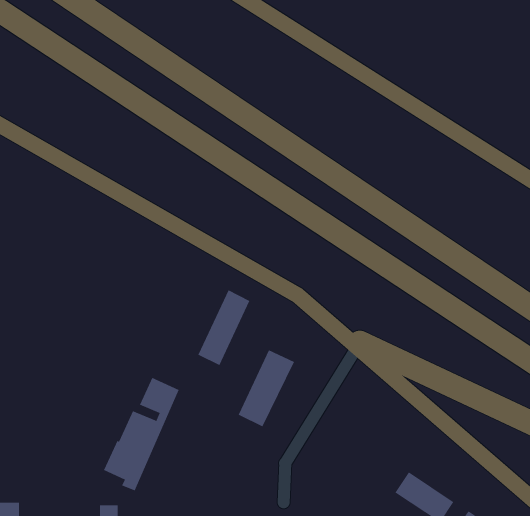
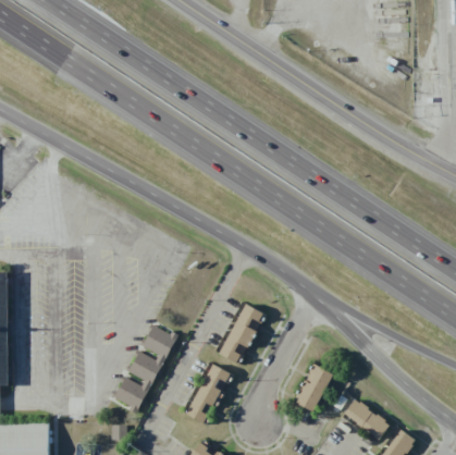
building: [198,290,250,366] -> [187,364,229,423]
building: none -> [293,364,333,413]

